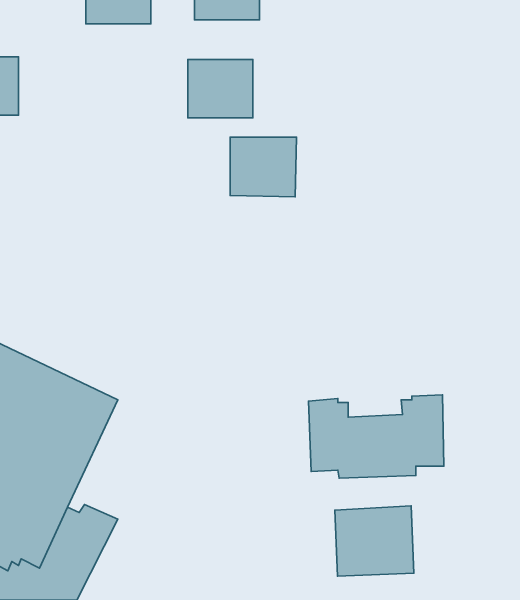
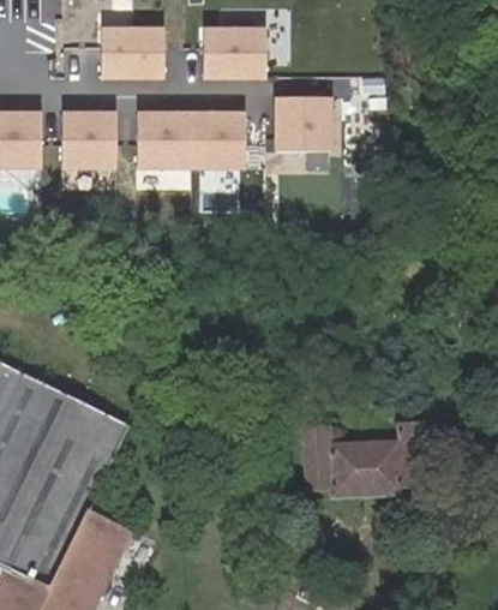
building: none -> [131,115,190,168]
building: none -> [55,116,114,171]
building: [230,137,297,197] -> [268,97,328,151]
building: [335,506,414,576] -> none

